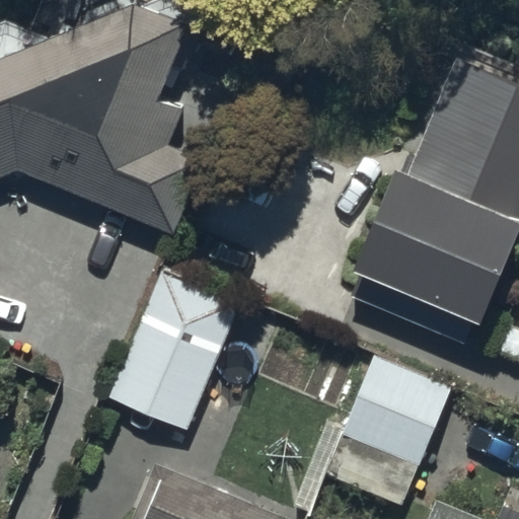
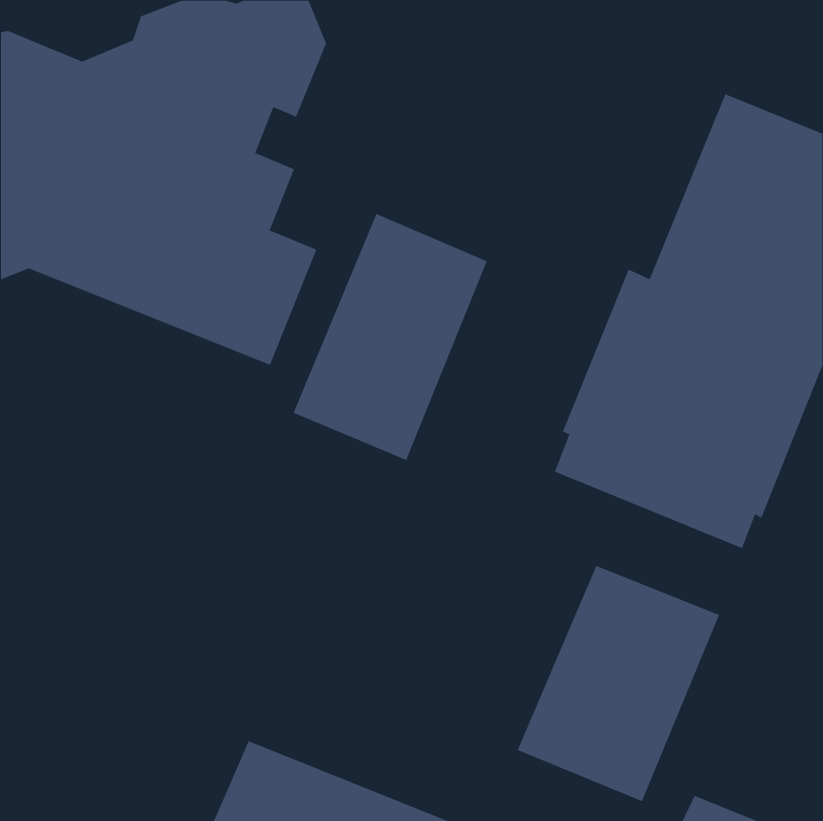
building: none -> [293,213,488,461]
building: [107,267,241,431] -> none

